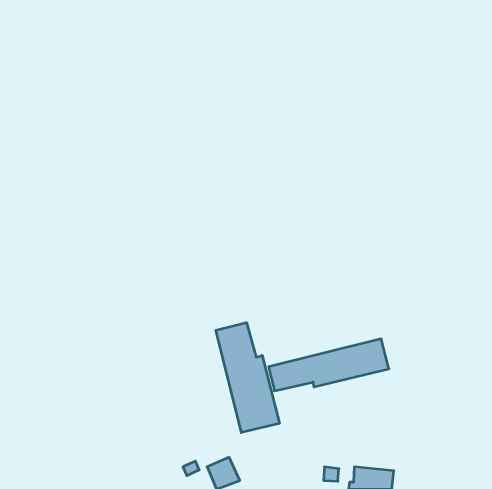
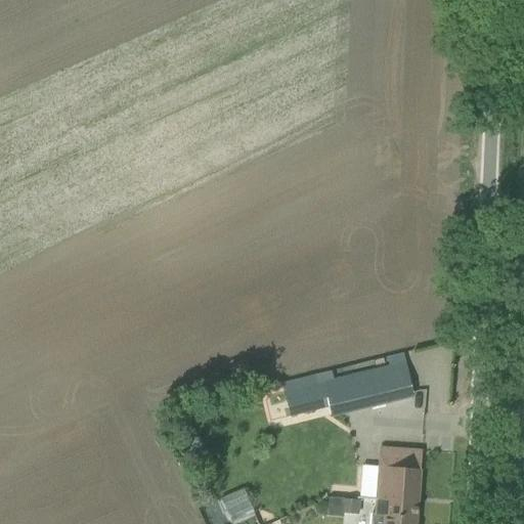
building: [216,323,279,433] -> none
building: none -> [377,445,423,500]

